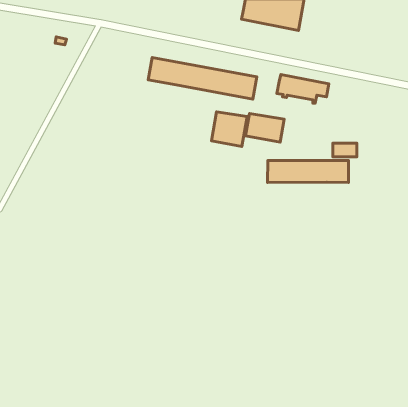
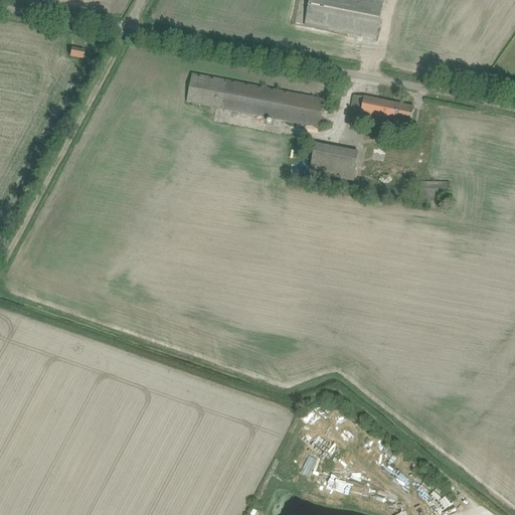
building: [212,112,247,147] -> none
building: [268,160,349,183] -> none

